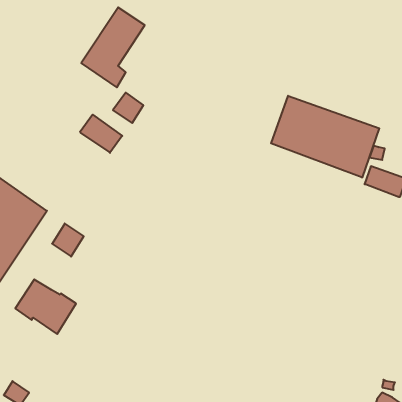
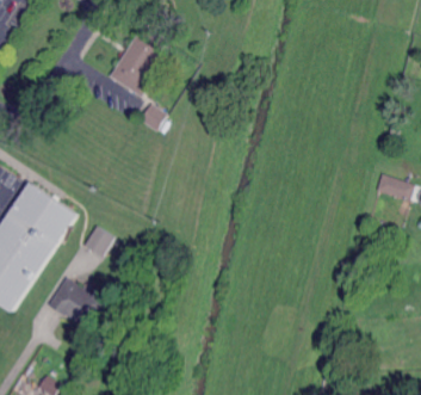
building: [271,96,379,178] -> none
building: [80,115,122,153] -> none

